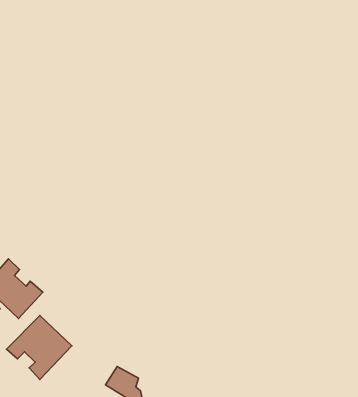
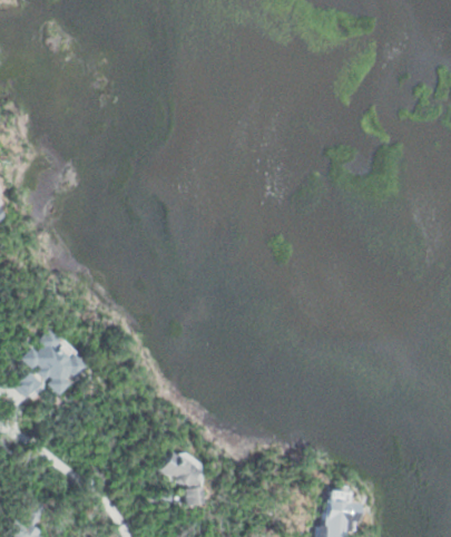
building: [7,316,72,379] -> none

